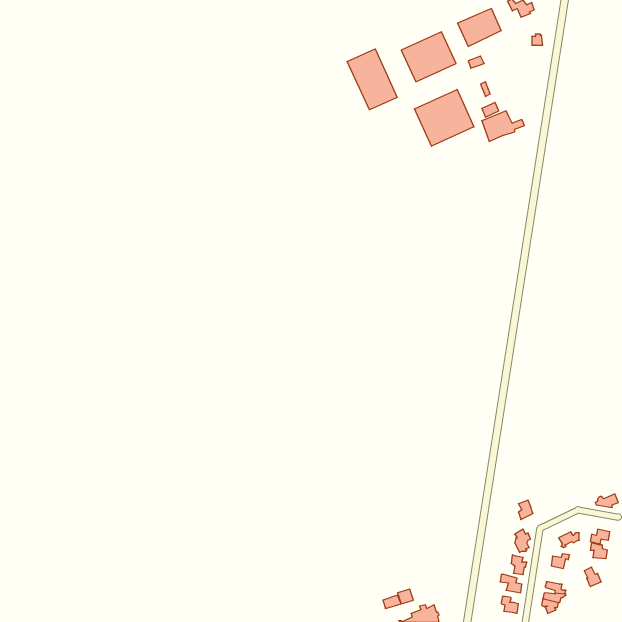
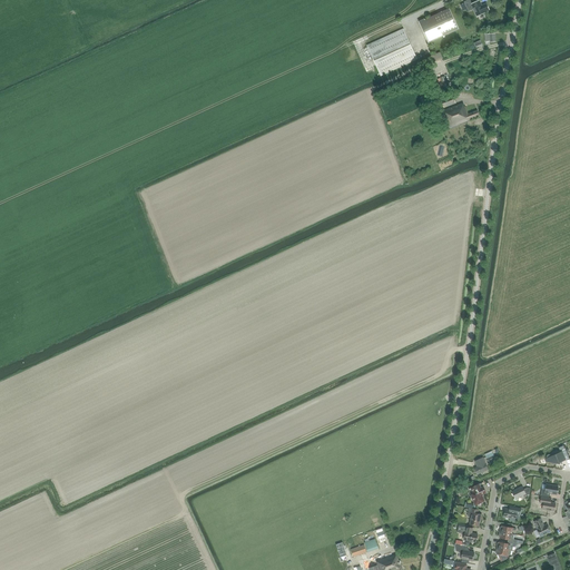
building: [347,49,397,110] -> none
building: [415,89,474,146] -> none

